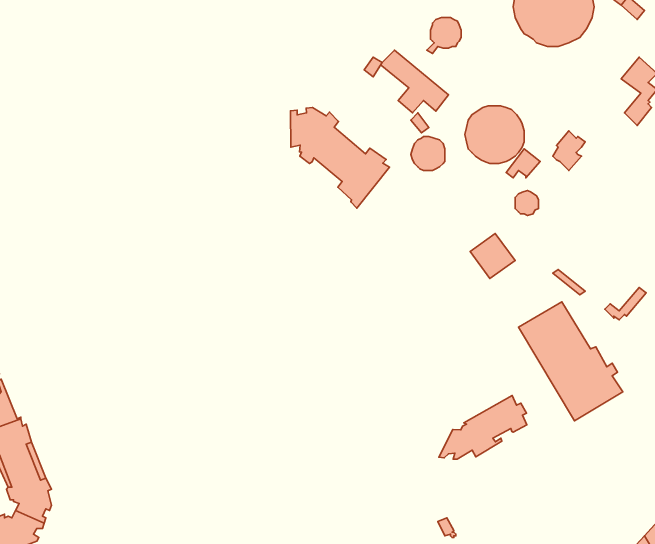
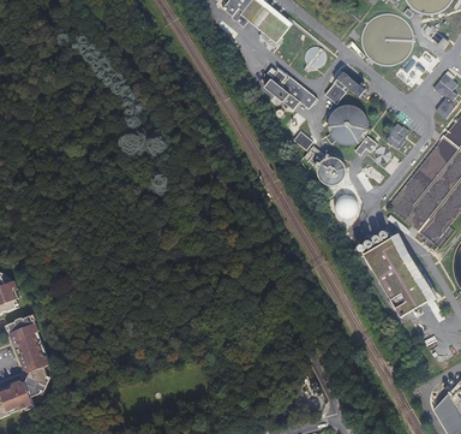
building: none -> [324,71,365,103]
building: [291,108,390,208] -> none
building: none -> [317,155,346,185]
building: [439,396,527,459] -> none

